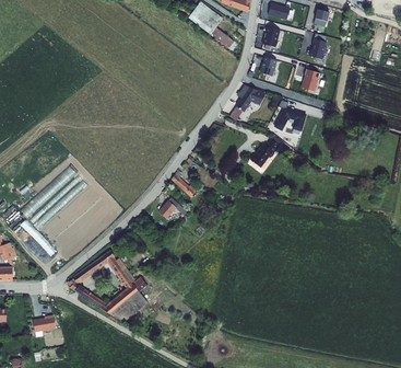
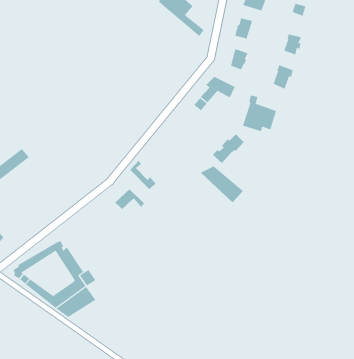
building: none -> [200,166,244,203]

